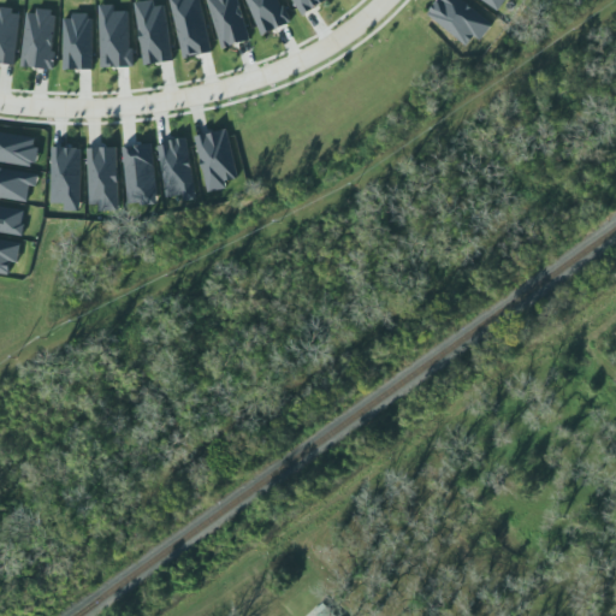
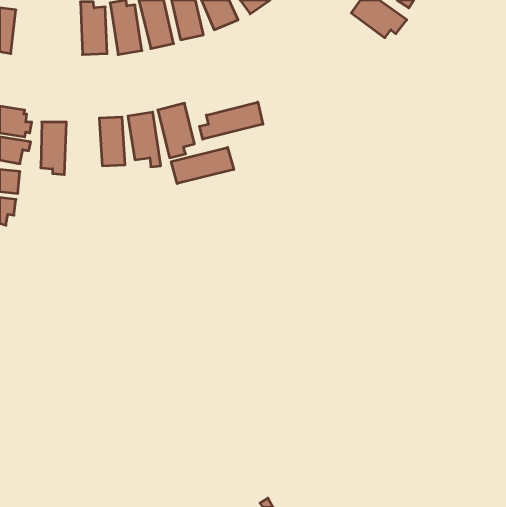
building: [19,10,57,70] -> none
building: [61,12,91,67] -> none
building: none -> [199,102,263,139]
building: [84,144,119,209] -> none
building: none -> [171,147,234,184]

